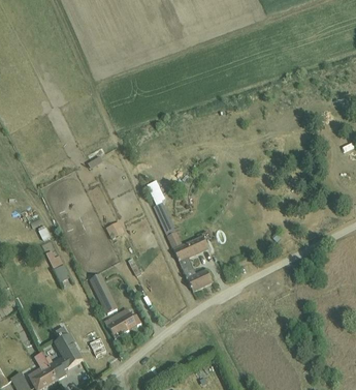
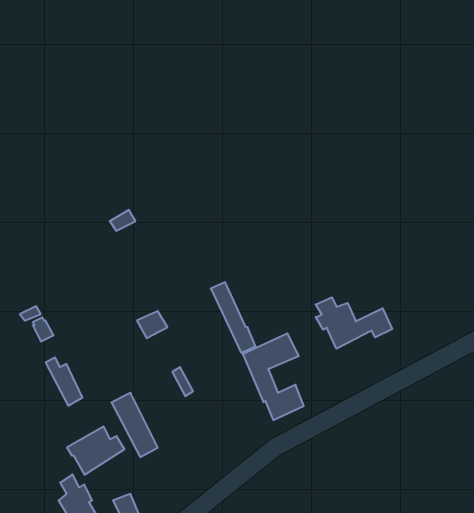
building: none -> [316,297,392,349]
building: [104,307,141,338] -> [67,427,125,475]

